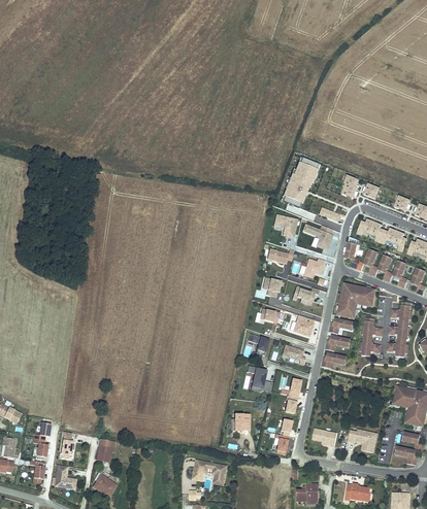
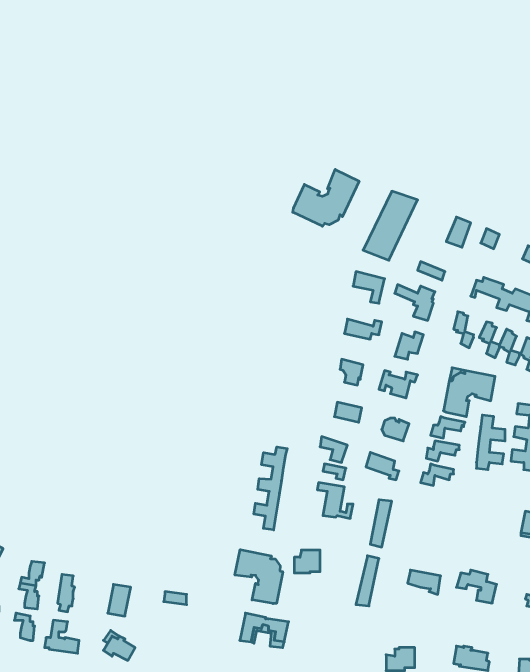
building: none -> [293,169,359,226]
building: none -> [254,447,287,530]
building: none -> [235,550,283,604]

